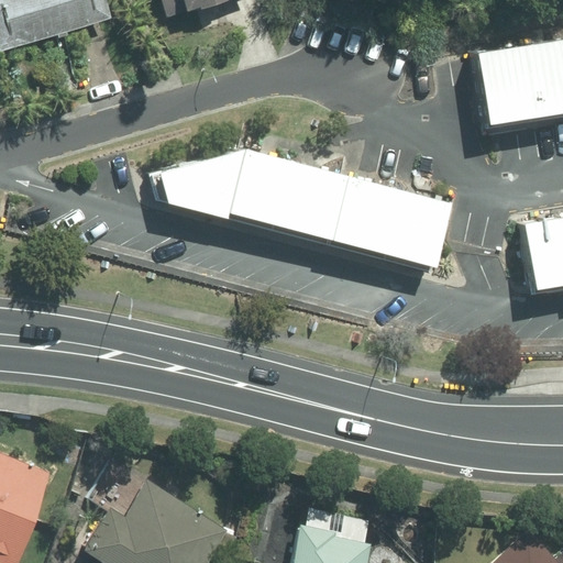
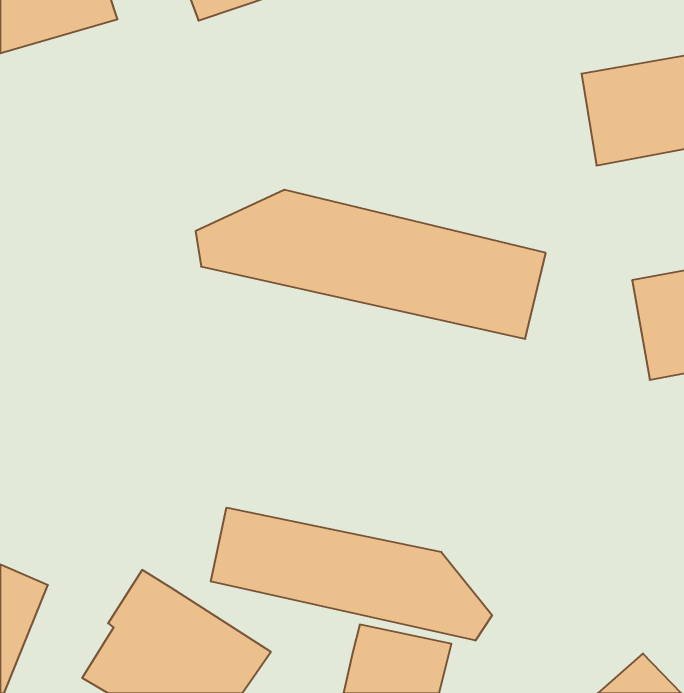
building: none -> [211,508,492,641]

